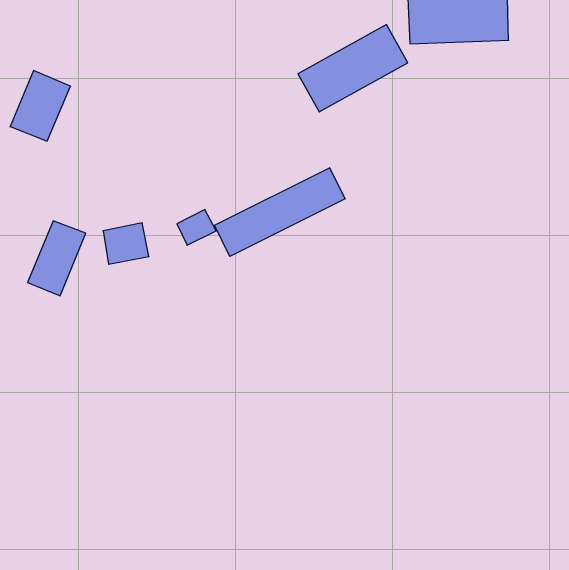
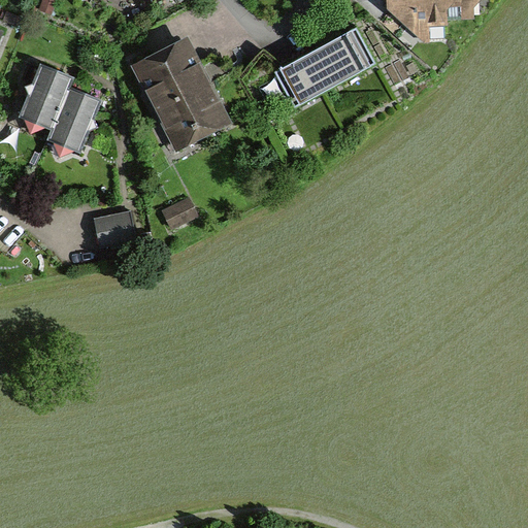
building: none -> [134,44,226,152]
building: [214,168,345,256] -> none
building: [28,221,86,296] -> [45,88,99,157]

